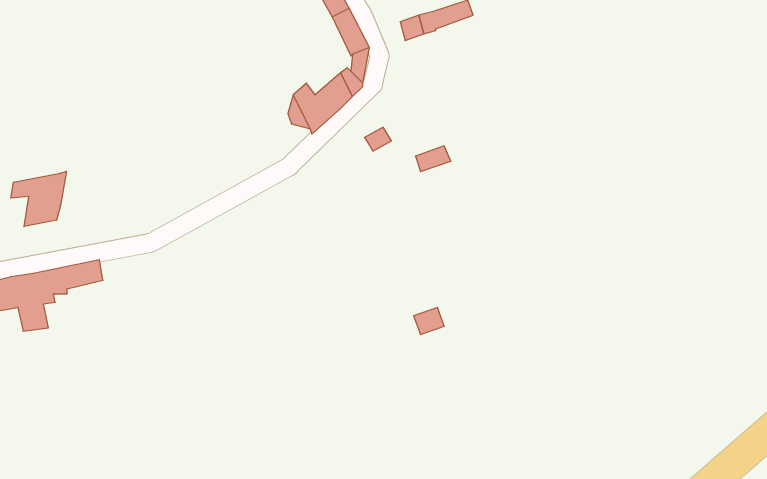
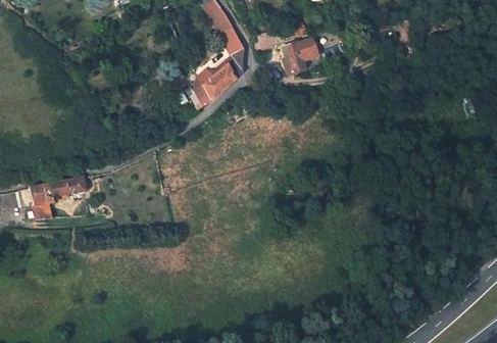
building: none -> [284,41,315,75]
building: [11,171,66,227] -> none

